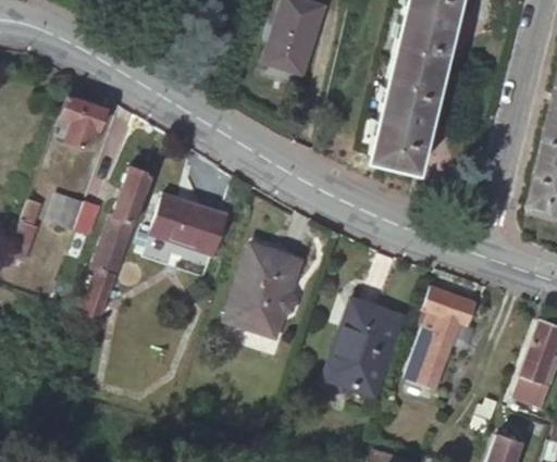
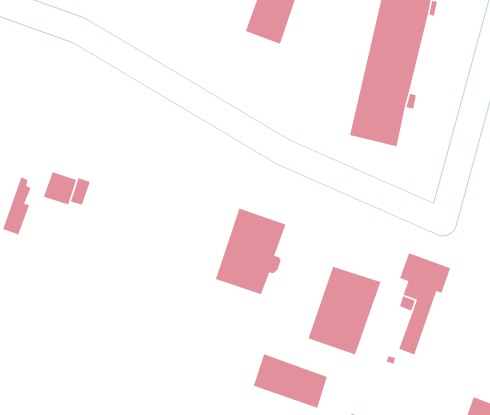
building: [55,96,106,151] -> none
building: [87,167,154,322] -> none
building: [151,196,227,255] -> none
building: none -> [253,353,328,409]

